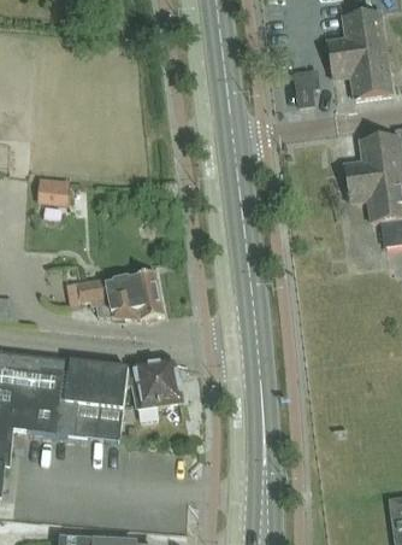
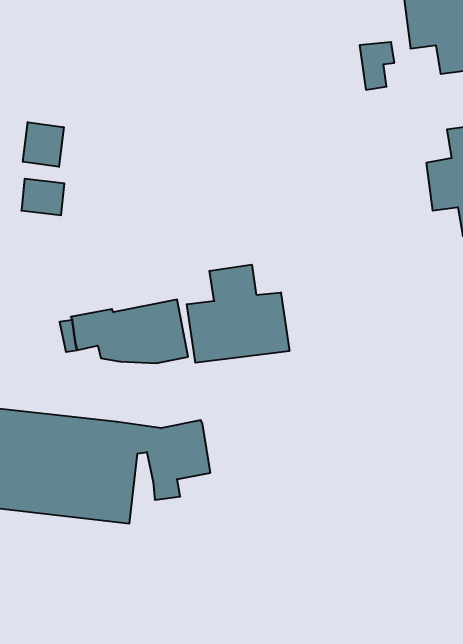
building: none -> [23,122,64,167]
building: none -> [187,265,289,363]

